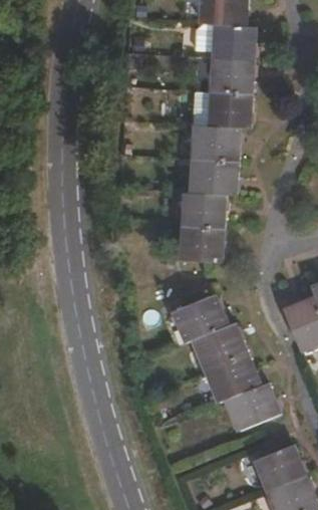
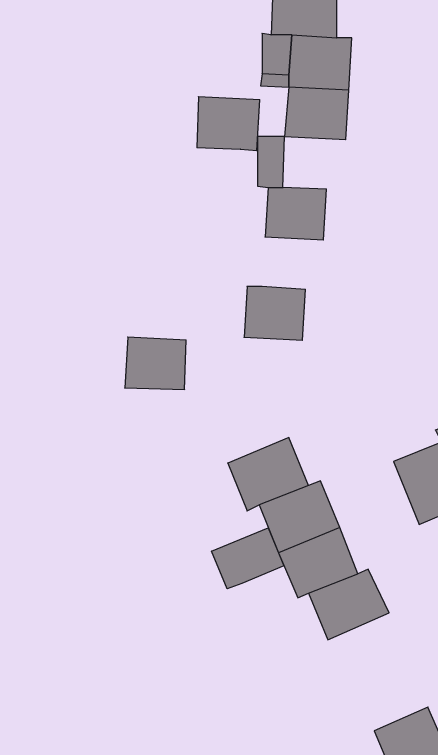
building: [210,92,252,129] -> [197,97,260,151]
building: [196,160,237,196] -> none
building: [182,227,223,262] -> [125,337,186,389]
building: none -> [212,528,284,589]
building: [257,444,307,491] -> none

